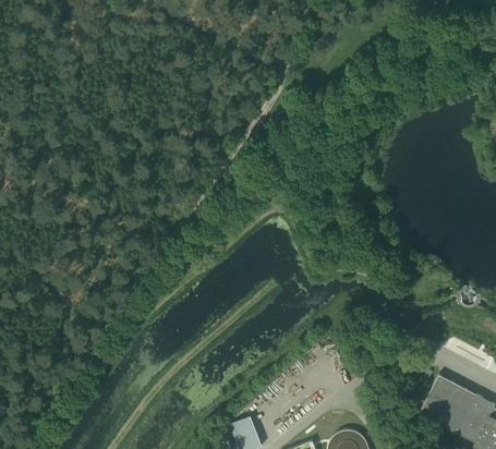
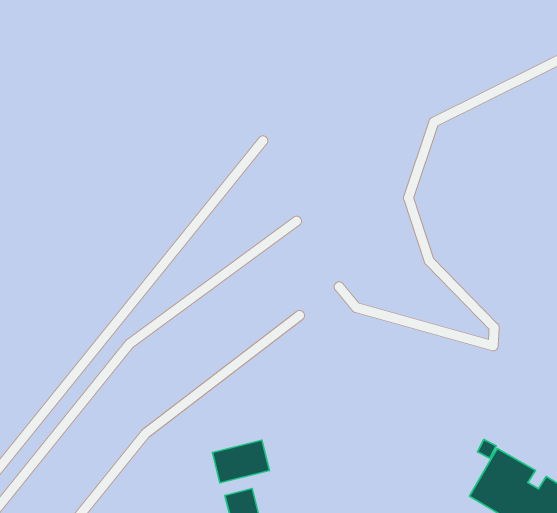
building: none -> [213,440,269,483]

